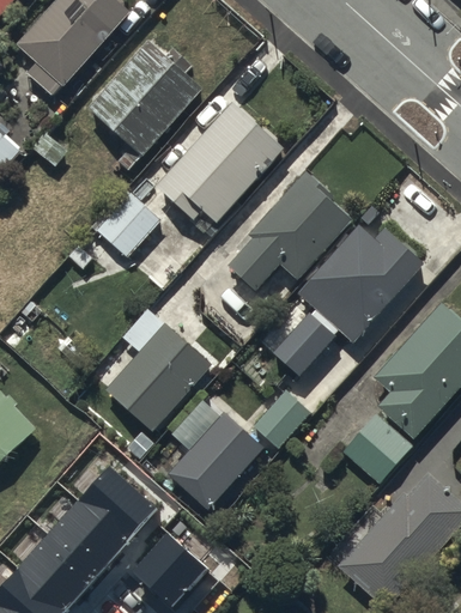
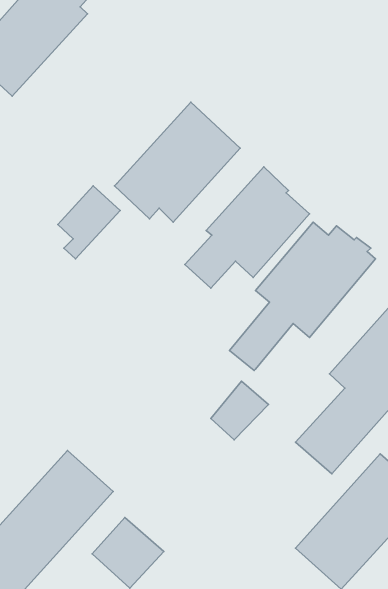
building: [86,43,201,172] -> none
building: [107,309,211,435] -> none
building: [168,406,262,502] -> none

